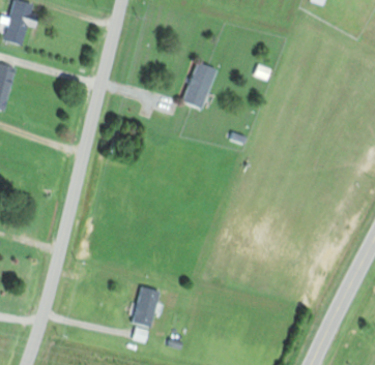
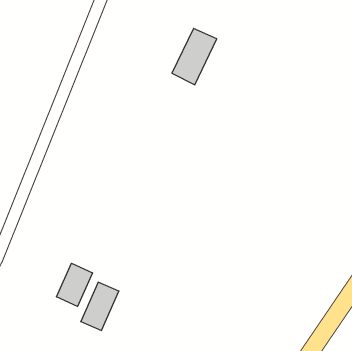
building: none -> [57,263,92,306]

